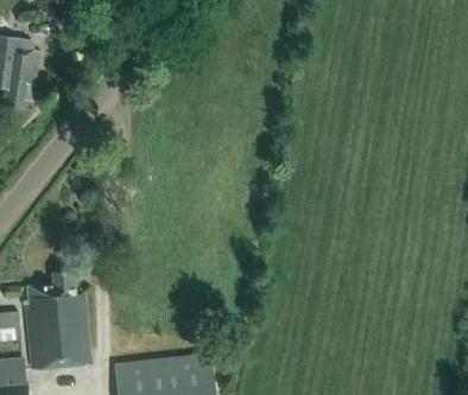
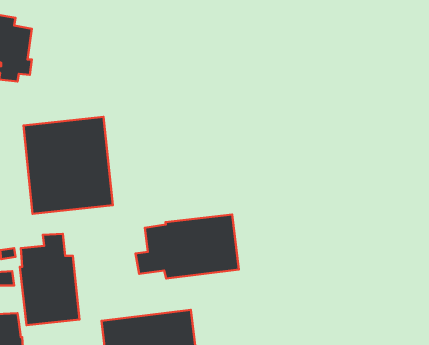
building: none -> [23,117,113,214]
building: none -> [135,214,239,278]

